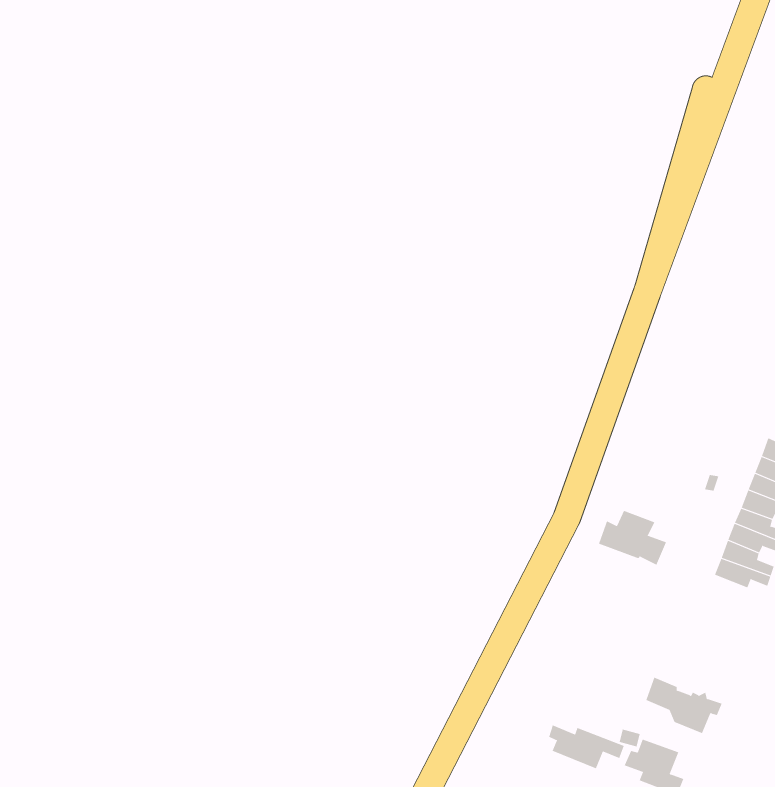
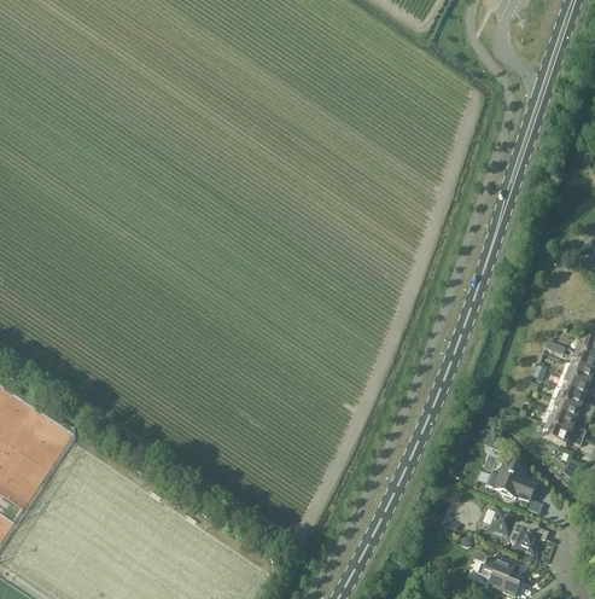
building: [598,510,667,566] -> [486,463,536,502]
building: [549,725,624,769] -> none

